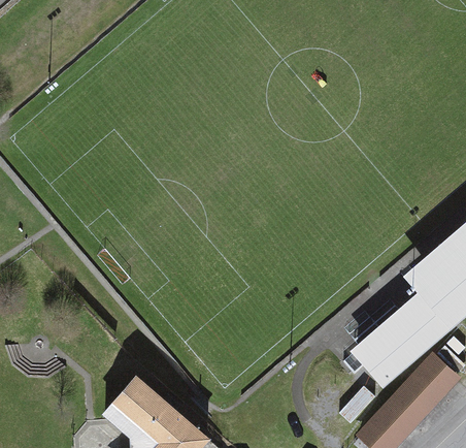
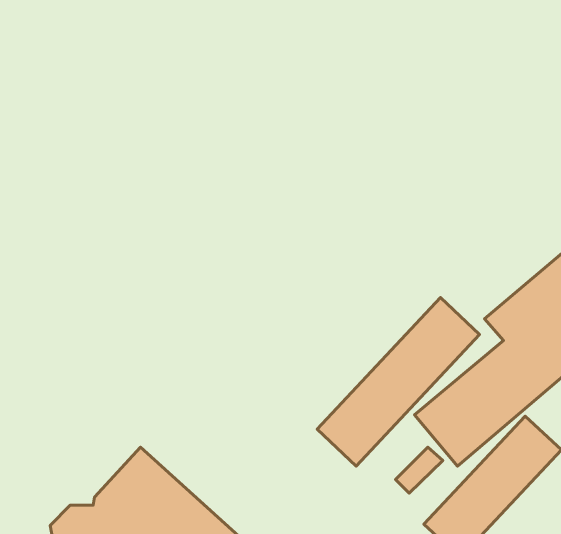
building: none -> [317,297,479,466]

